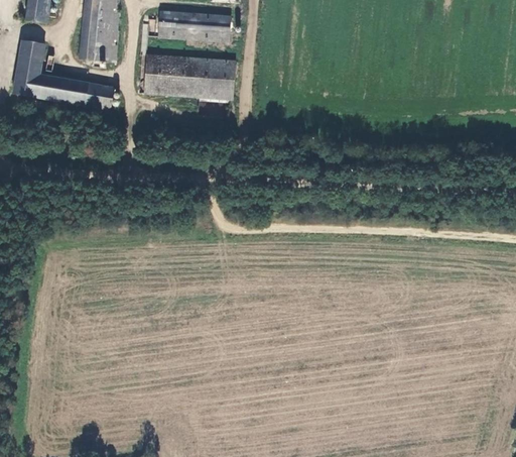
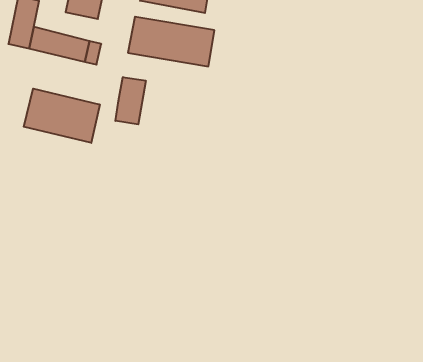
building: none -> [115,77,146,124]
building: none -> [24,89,100,143]

